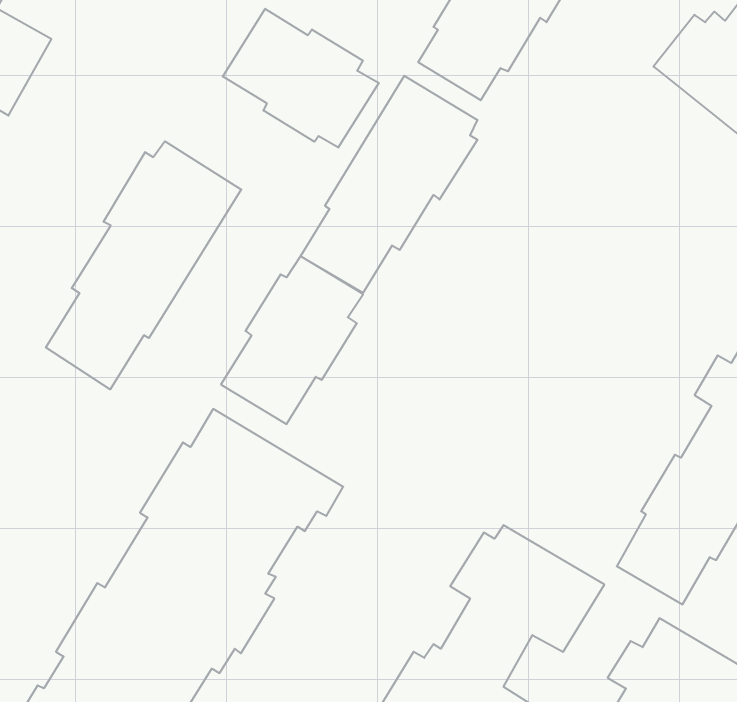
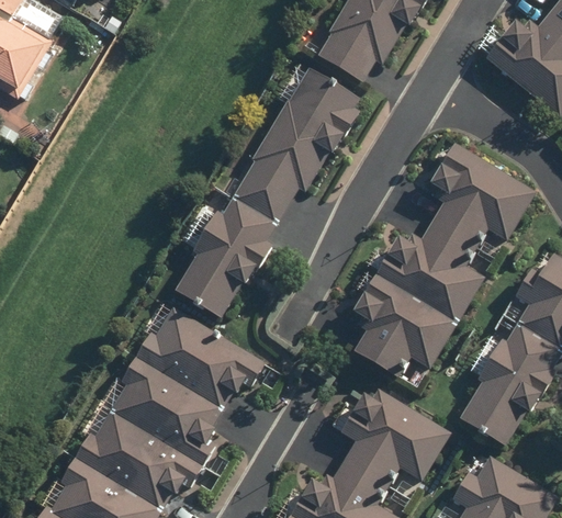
building: [223,9,379,148] -> none
building: [46,141,241,389] -> none
building: none -> [352,144,536,379]

